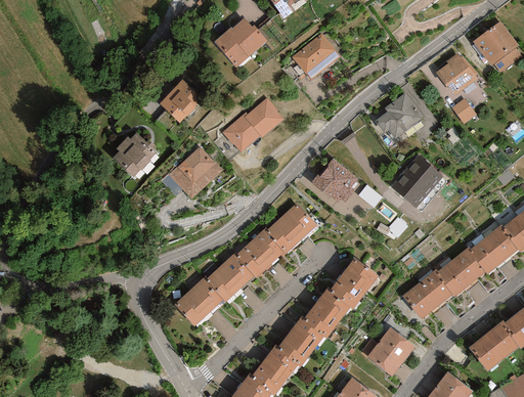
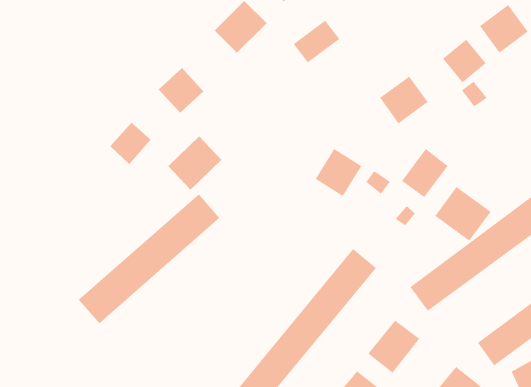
building: [222,98,282,153] -> none
building: none -> [434,186,491,242]
building: [176,201,314,327] -> [78,194,220,324]

